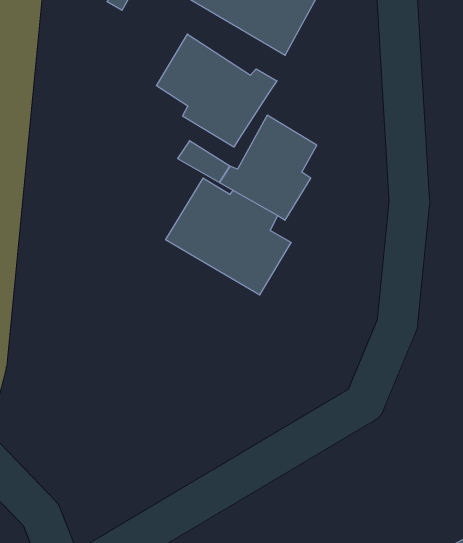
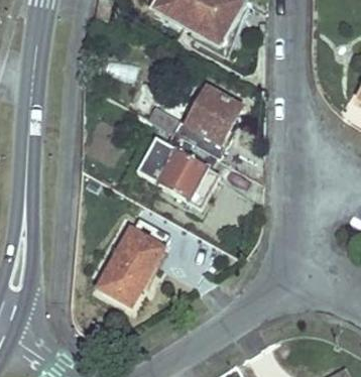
building: [156,34,277,147] -> none
building: none -> [98,228,164,305]

